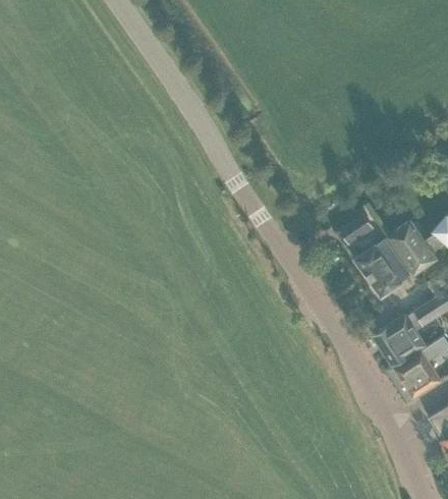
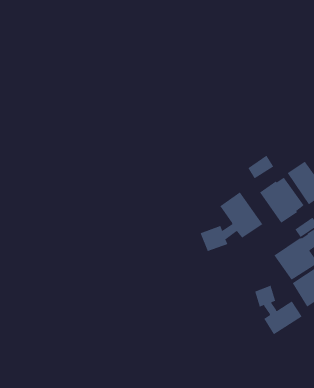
building: none -> [200,191,263,252]
building: none -> [255,285,303,335]

